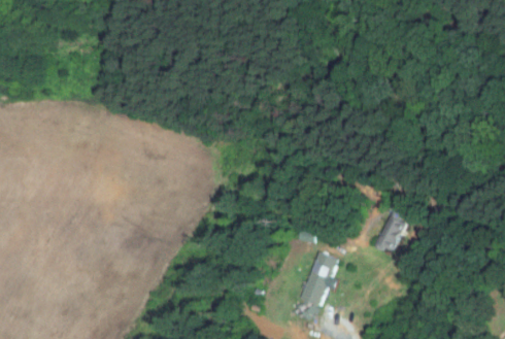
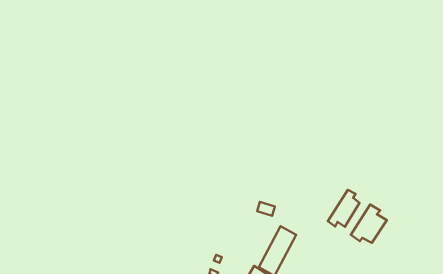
building: none -> [351,205,387,243]

